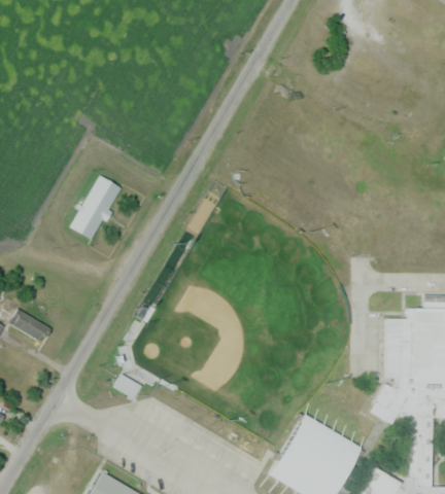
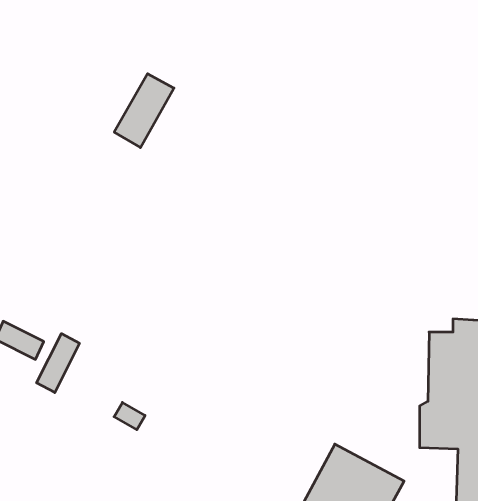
building: [69,179,121,243] -> [114,74,174,148]
building: none -> [37,334,79,393]

